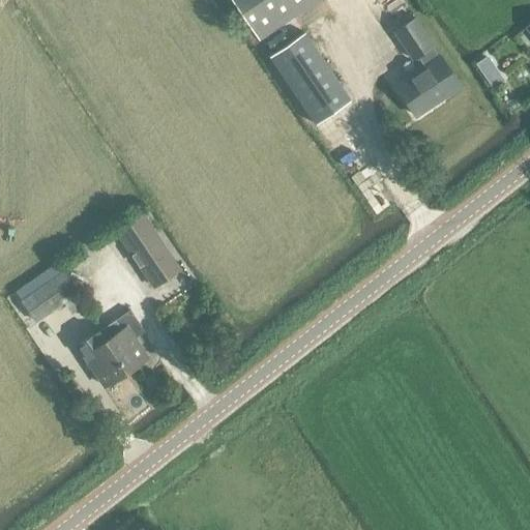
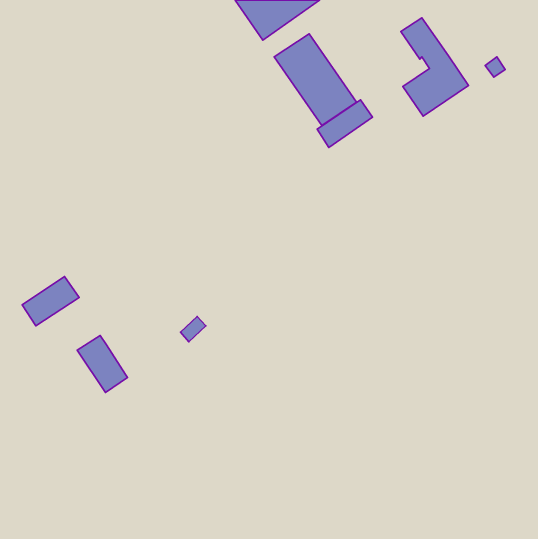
building: none -> [317,100,373,147]
building: [116,213,179,286] -> none
building: [106,308,145,367] -> none

